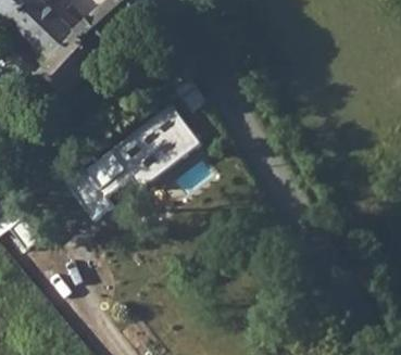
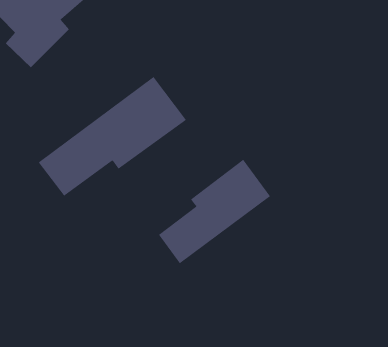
building: none -> [158,159,271,264]

